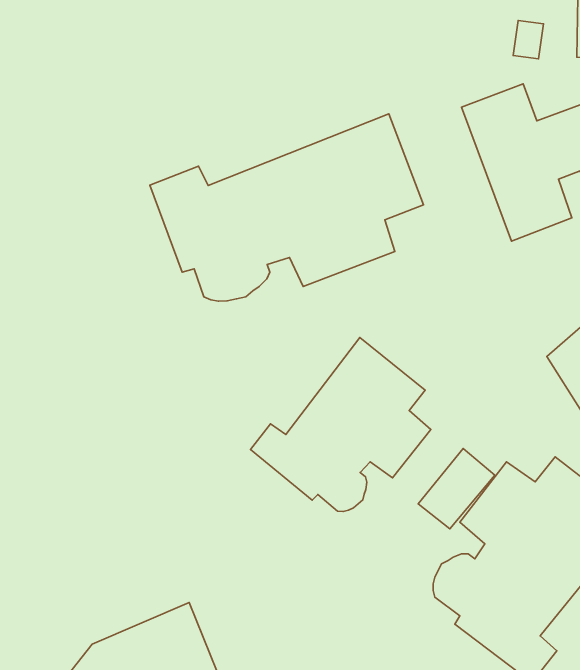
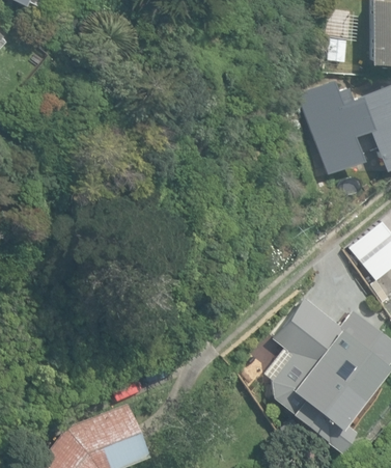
building: [150,114,423,301] -> none
building: [250,337,431,511] -> none

